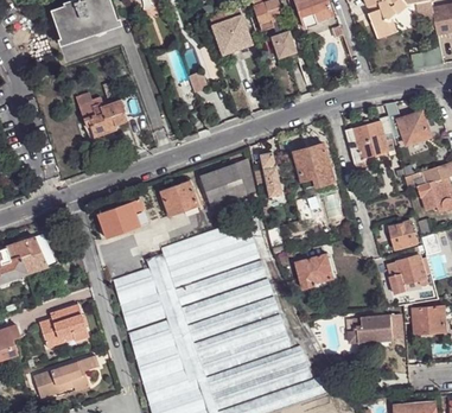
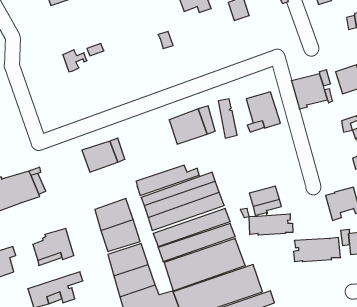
building: [88,99,126,138] -> none
building: [161,179,199,215] -> none
building: [390,222,418,249] -> none
building: [147,254,206,382] -> none
building: none -> [249,214,293,235]

